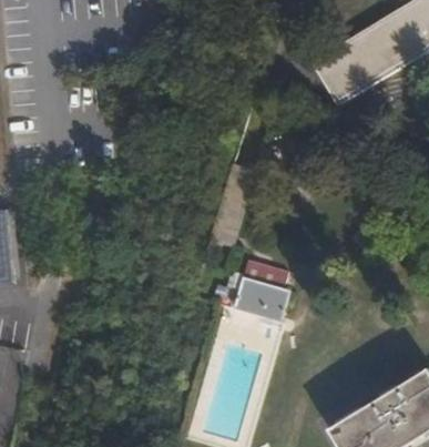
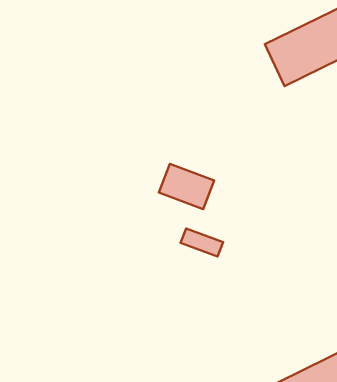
building: [232,277,288,322] -> [159,164,214,209]

